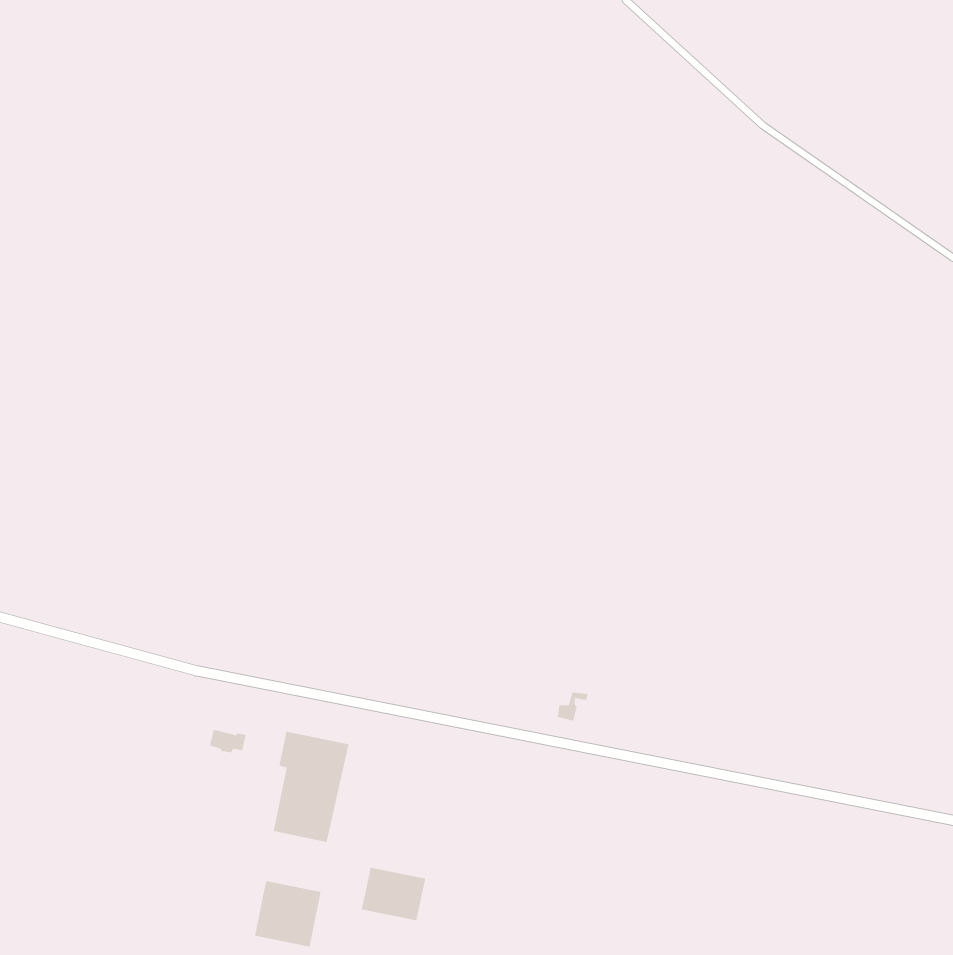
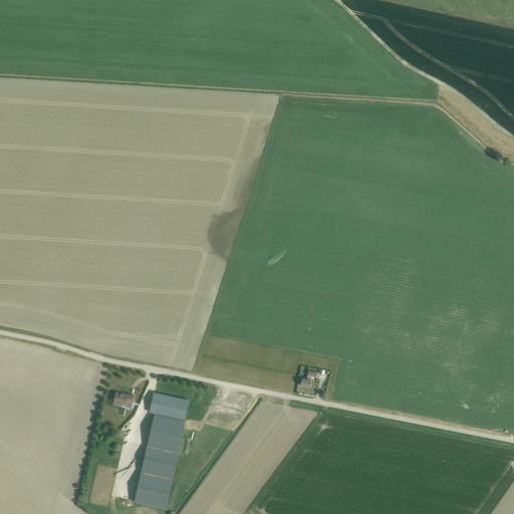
building: [361,867,426,921] -> [141,448,176,477]

